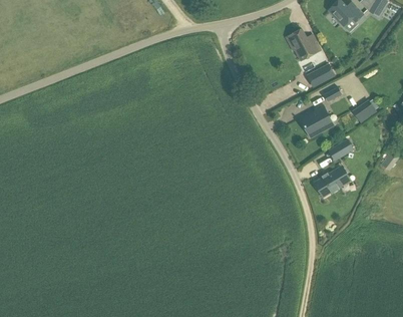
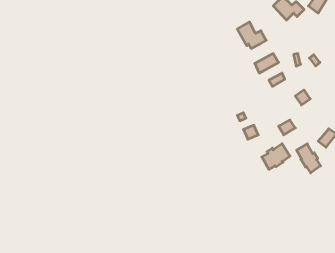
building: [301,105,331,133] -> none
building: none -> [297,144,321,173]

